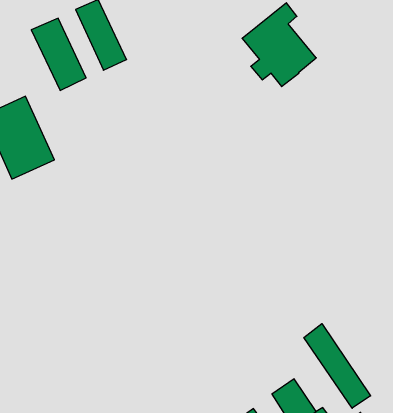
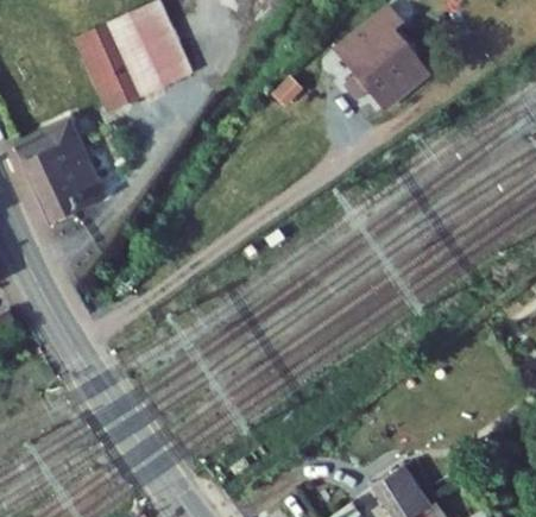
building: none -> [109,13,165,97]
building: [304,324,371,408] -> none

